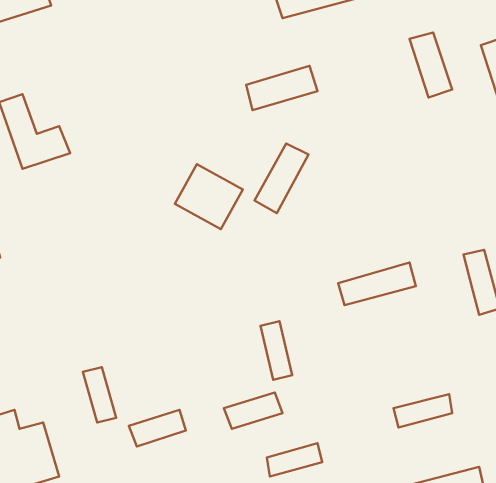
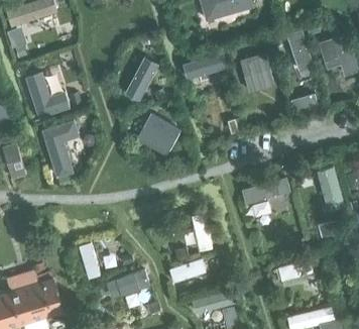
building: none -> [239,52,275,92]
building: [255,143,308,213] -> [124,57,158,101]
building: none -> [41,120,80,178]

